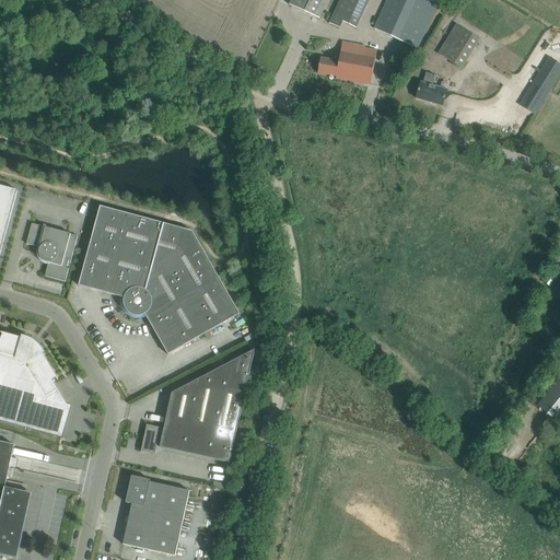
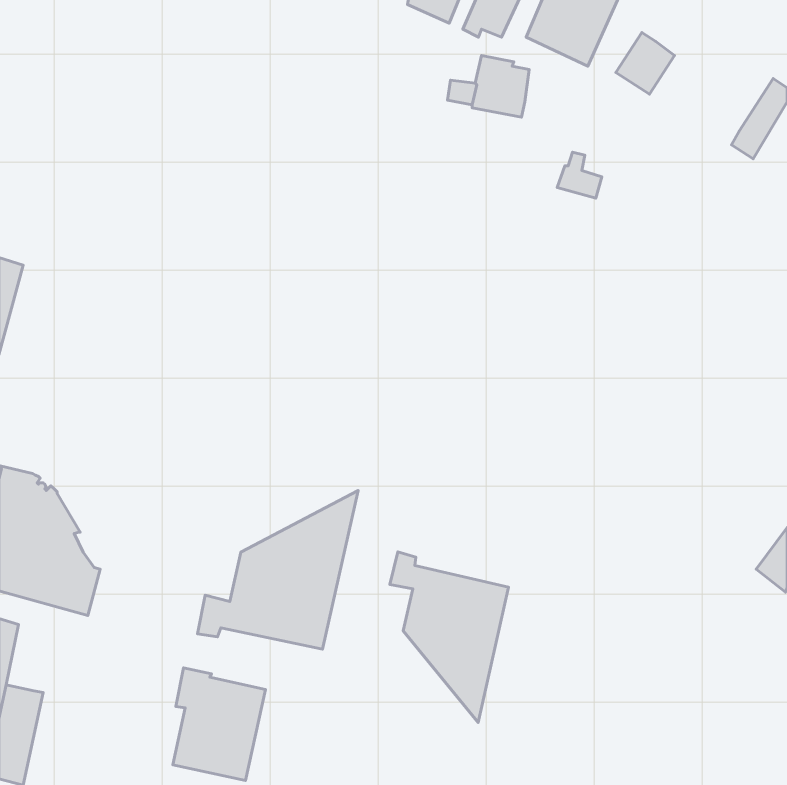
building: [415,71,446,104] -> [557,152,602,198]
building: [78,205,238,353] -> none
building: [25,222,77,280] -> none
building: none -> [390,552,508,722]

